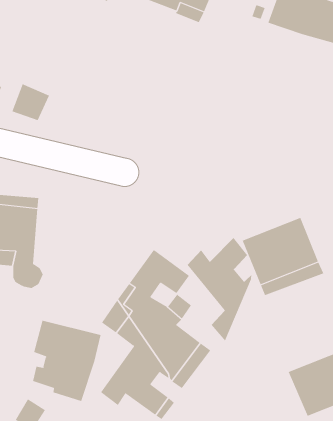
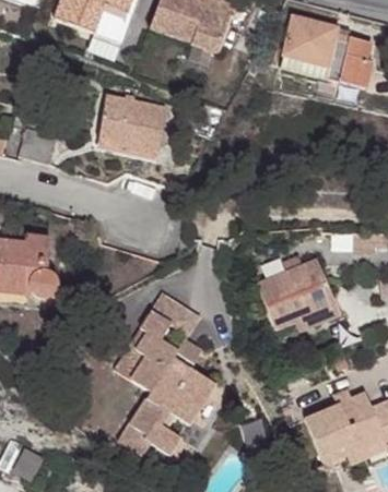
building: none -> [98,89,166,143]
building: [187,237,252,342] -> none
building: [32,320,101,402] -> none

